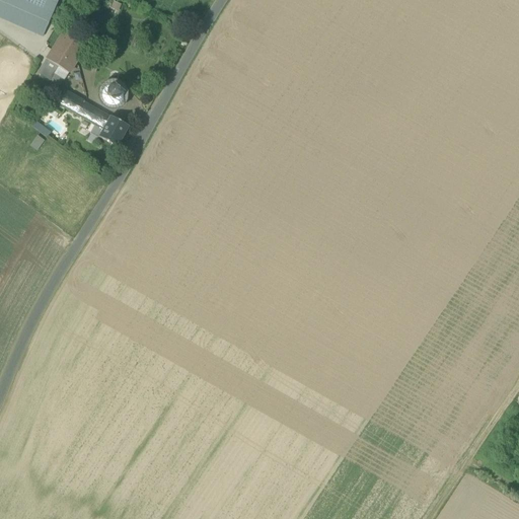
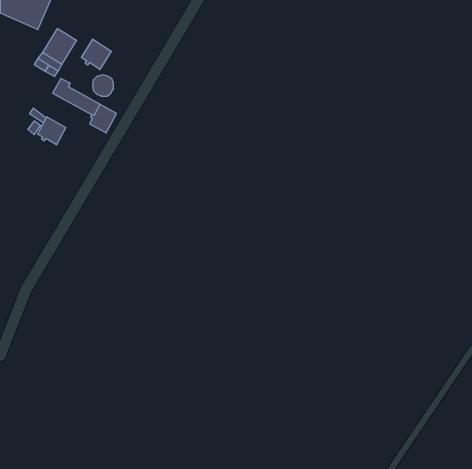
building: none -> [81,39,111,70]
building: none -> [37,117,66,145]

